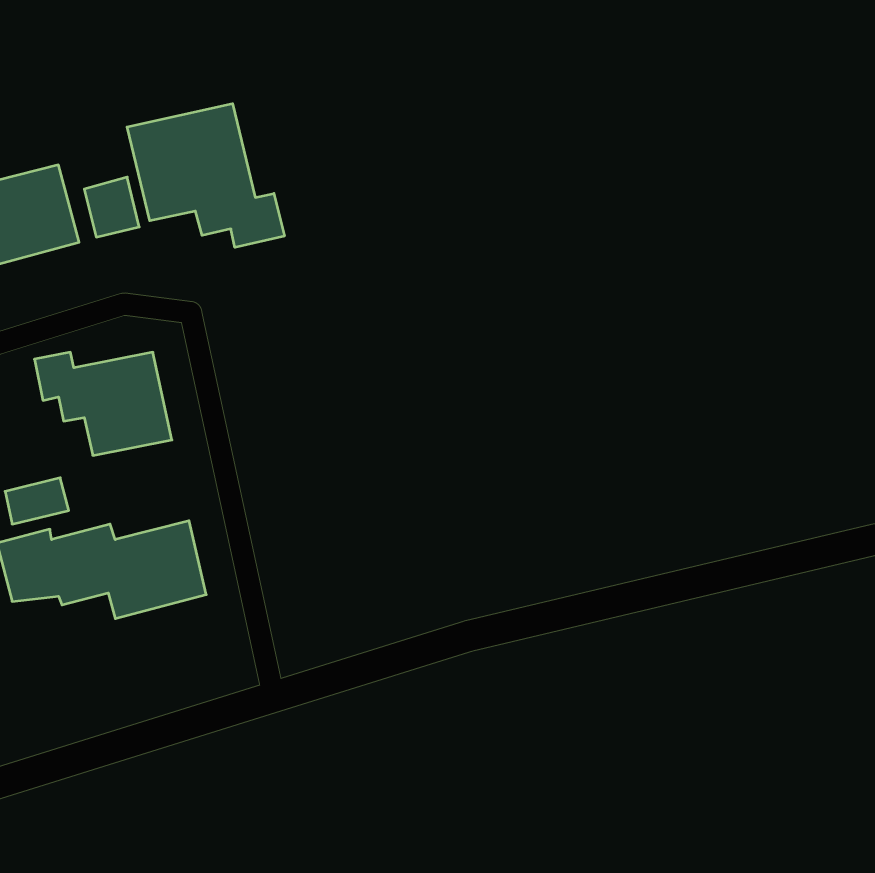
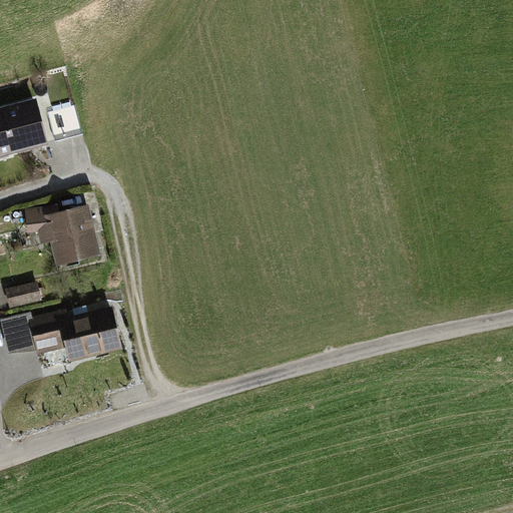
building: [127,104,284,247] -> none

